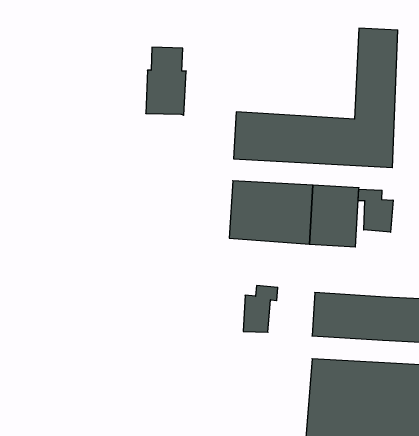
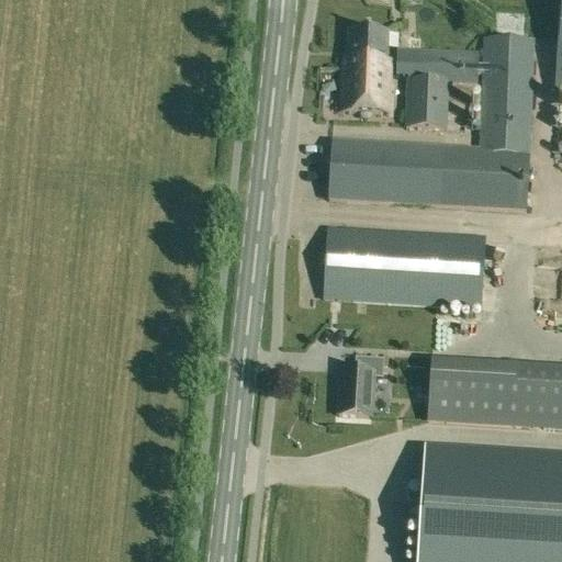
building: none -> [396,48,479,128]
building: [146,47,186,115] -> [341,29,392,113]
building: [358,189,393,232] -> none

